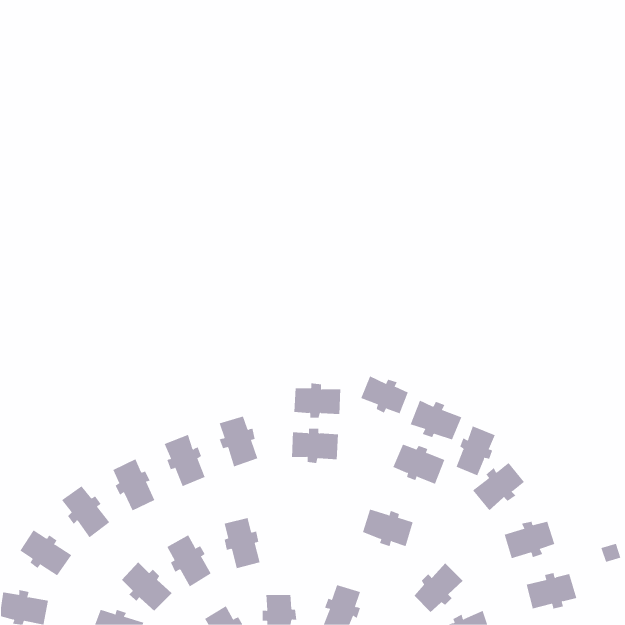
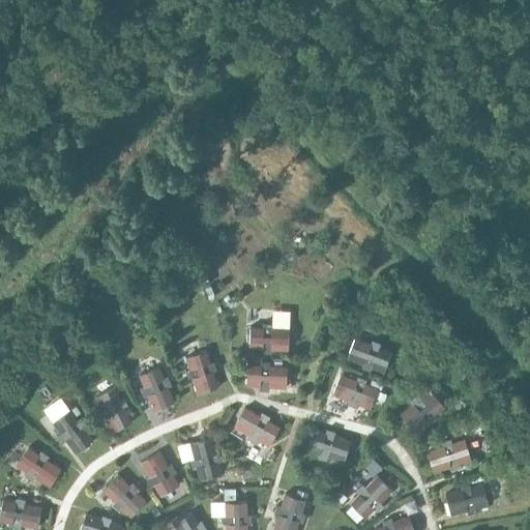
building: [361,376,409,414] -> none
building: [456,425,495,476] -> none
building: none -> [234,409,278,447]

